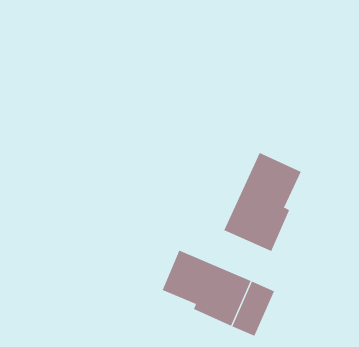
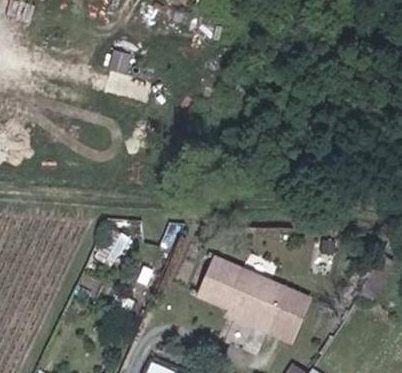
building: [224,152,301,252] -> none

